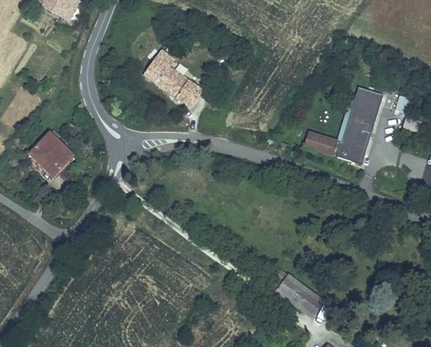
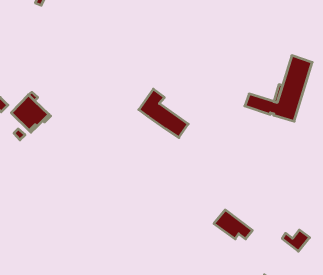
building: [144,49,202,106] -> [139,89,188,138]
building: [292,292,324,317] -> [282,230,310,251]

